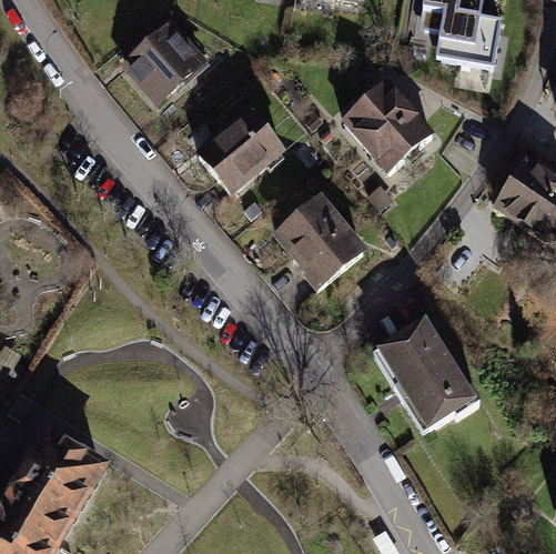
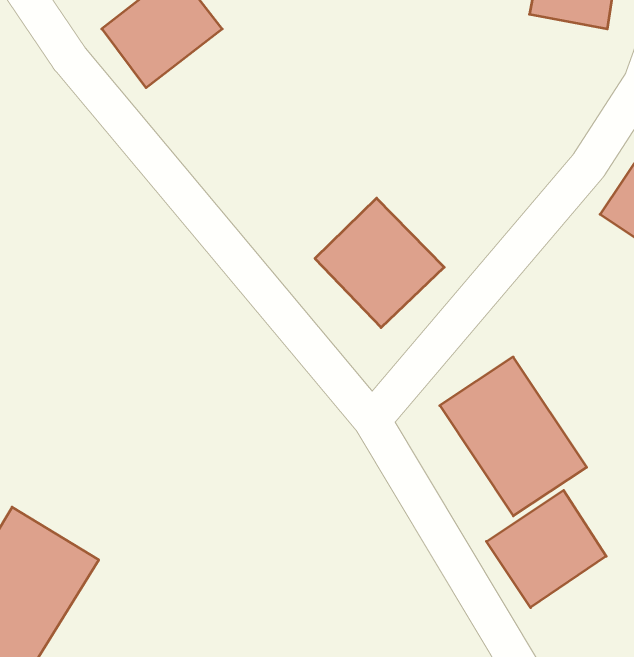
building: [342,79,437,178] -> none
building: [195,103,292,200] -> none
building: none -> [486,490,606,608]

